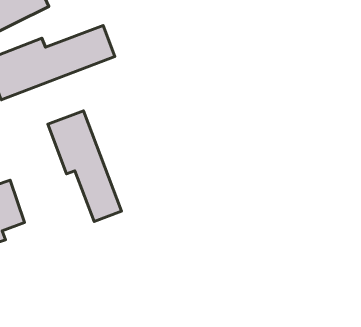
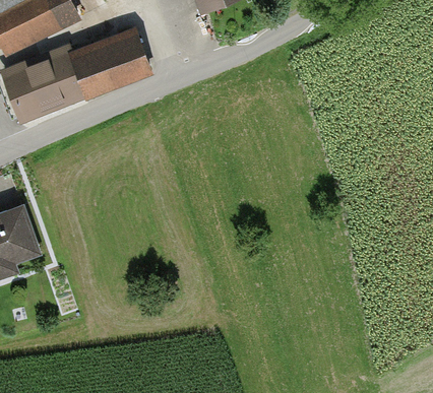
building: [48,111,122,222] -> none

